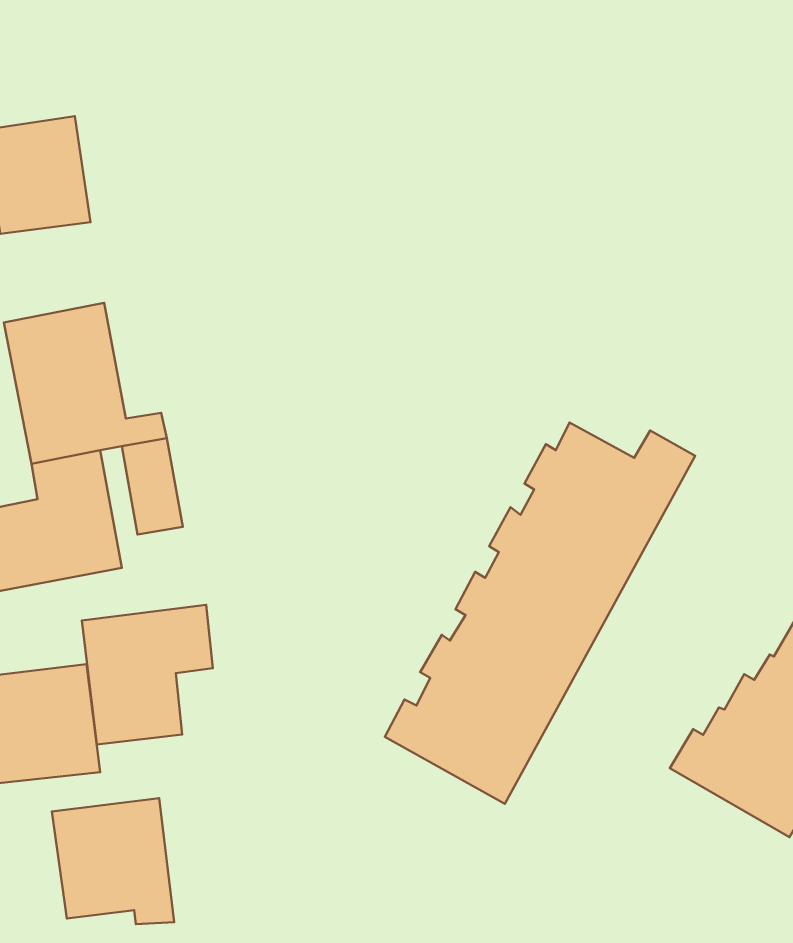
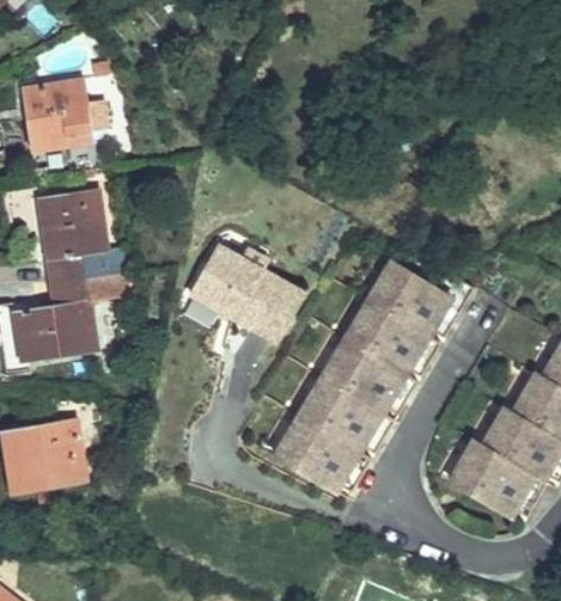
building: none -> [197,251,310,347]
building: [82,605,213,744] -> none
building: [52,798,174,924] -> none

